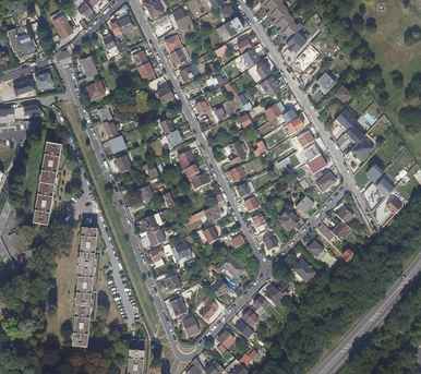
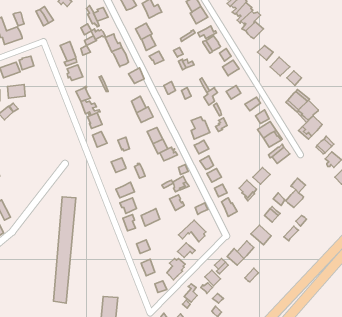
building: [33,143,61,225] -> none

